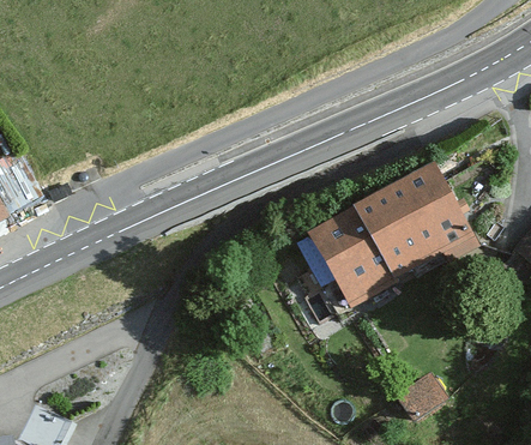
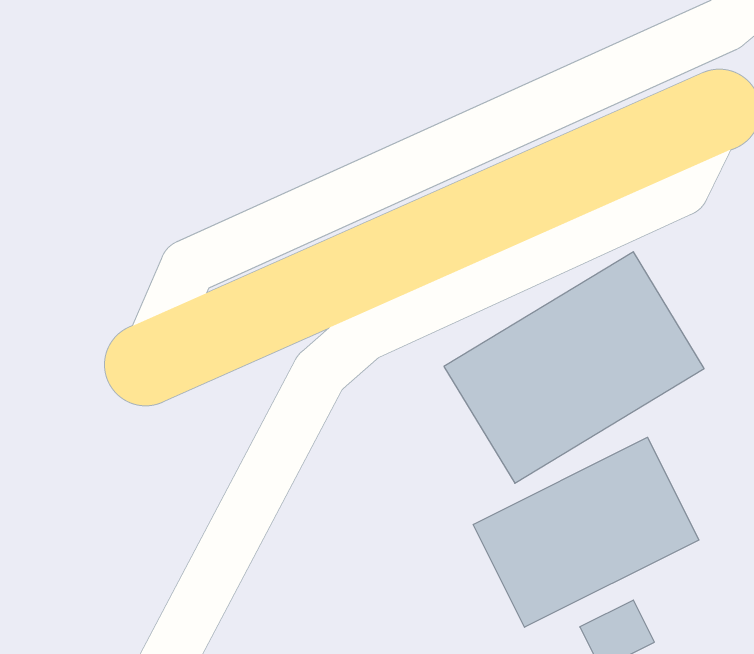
building: none -> [473,437,699,627]

